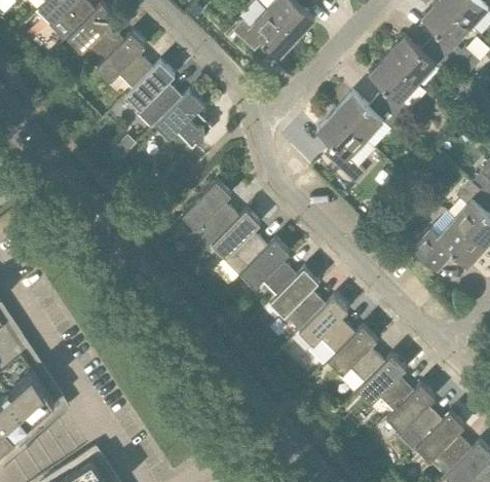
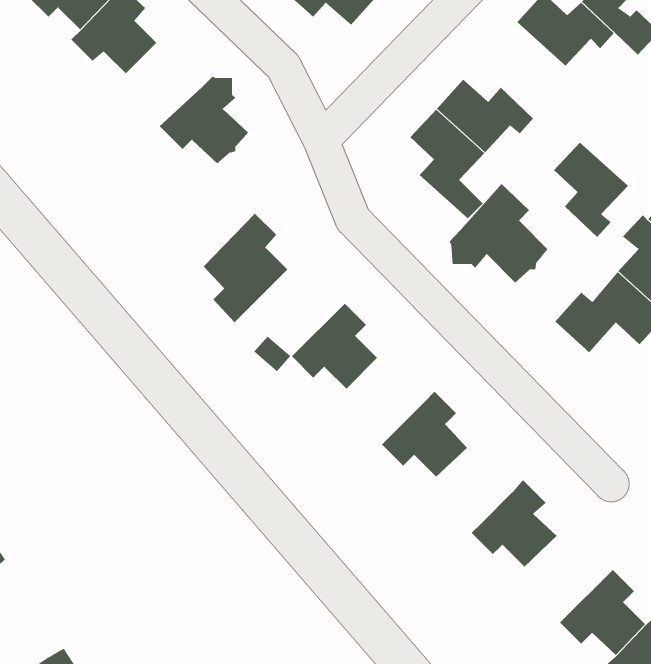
building: [370,54,419,117] -> [553,142,629,238]
building: [125,60,182,125] -> none
building: none -> [449,183,548,284]
building: [212,209,268,265] -> none
building: [270,266,327,330] -> none
building: [328,324,384,381] -> none
building: [386,382,443,439] -> none

